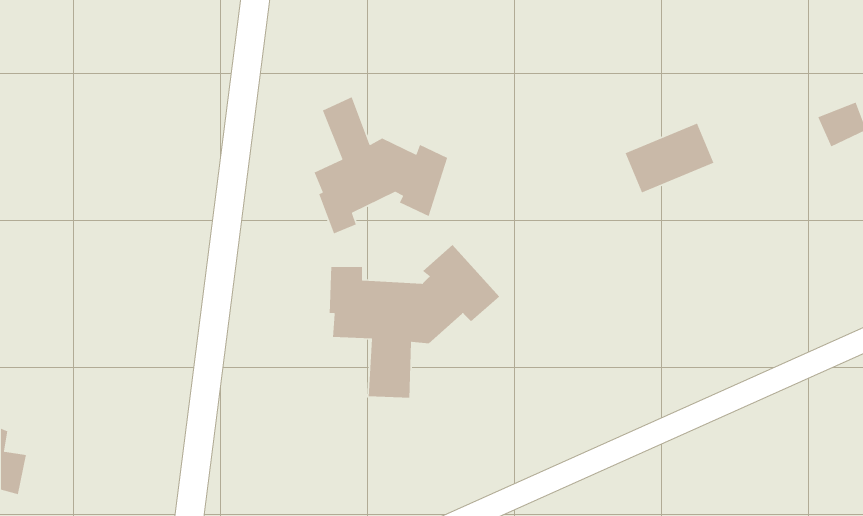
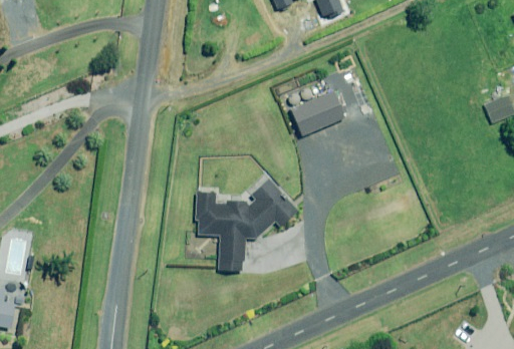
building: [313,96,448,234] -> none
building: [624,122,714,194] -> [292,90,345,132]

